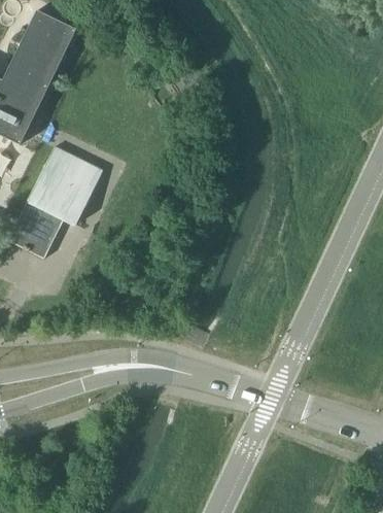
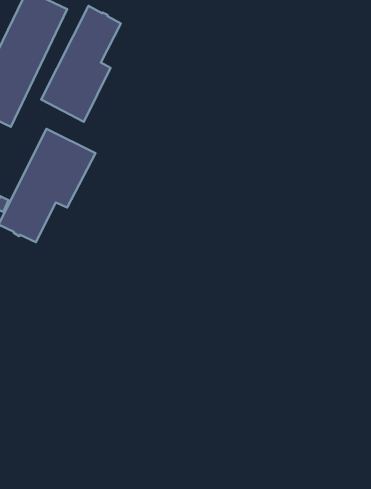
building: none -> [41,6,121,122]

